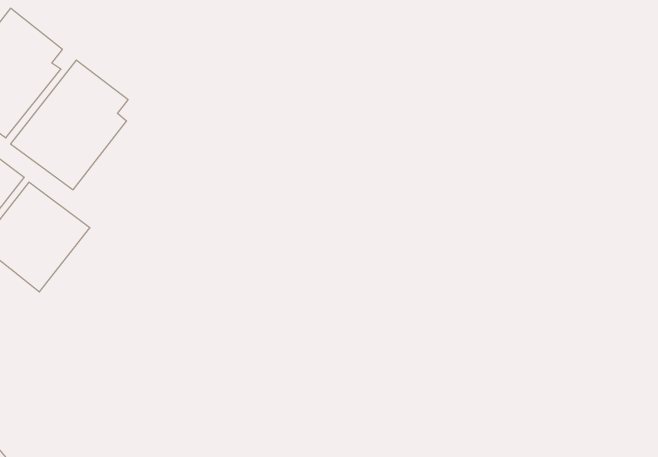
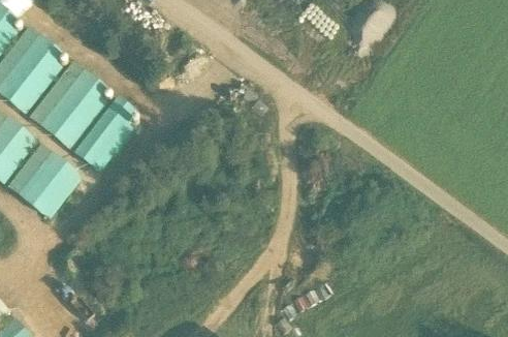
building: none -> [71,97,135,173]

